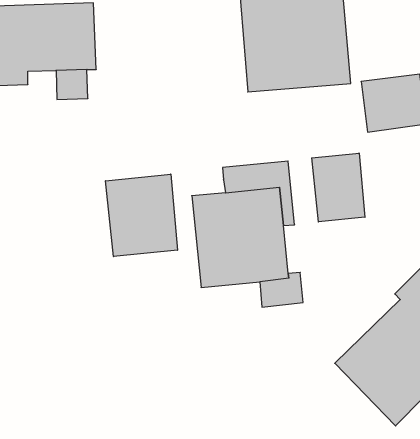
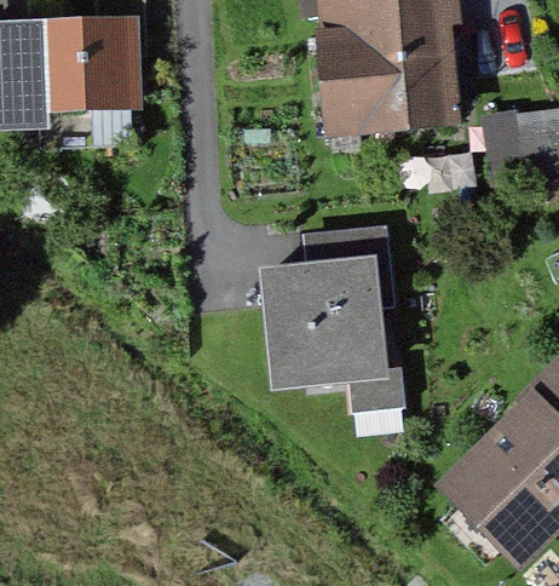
building: [312,153,365,222] -> none
building: [106,174,177,257] -> none

